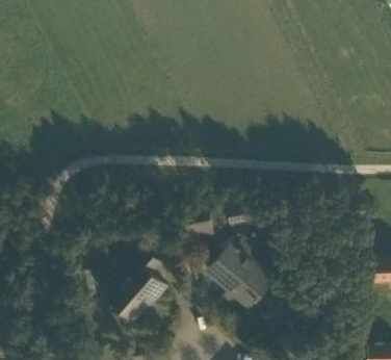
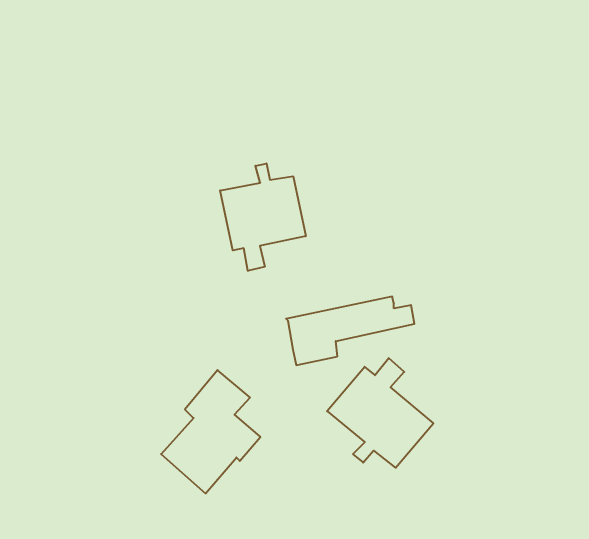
building: none -> [220,163,306,271]

